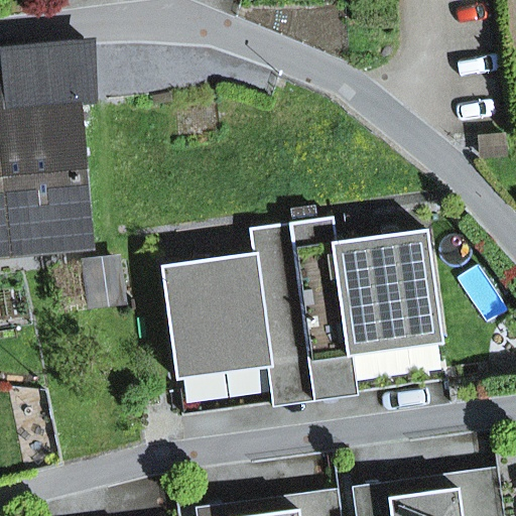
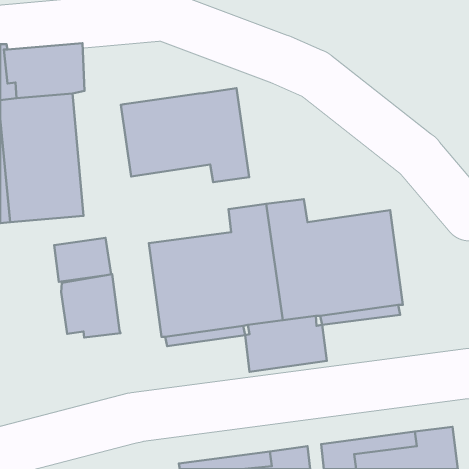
building: none -> [121,88,249,182]
building: none -> [61,274,120,338]

